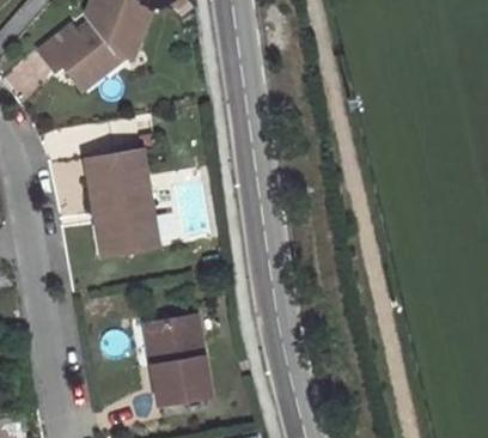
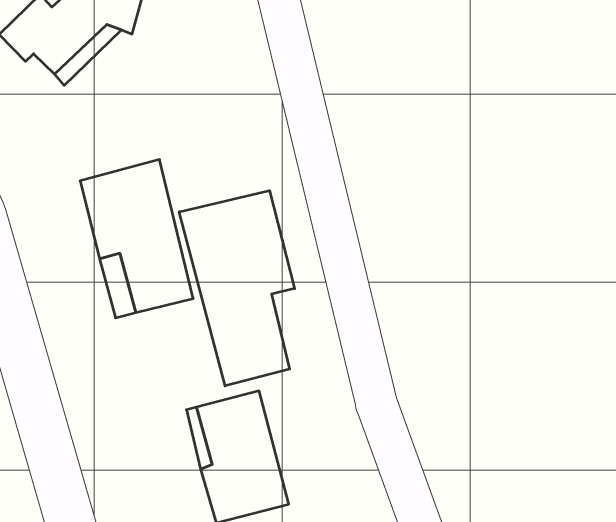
building: none -> [179,191,295,386]

